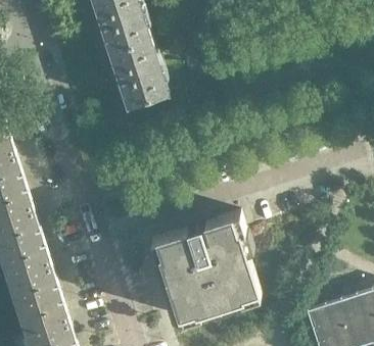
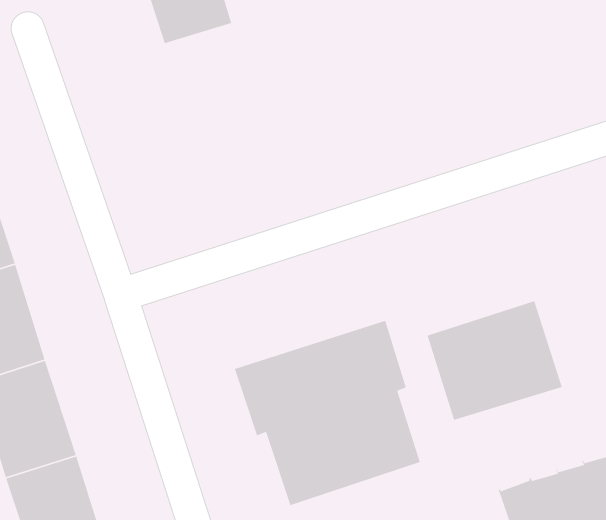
building: [108,41,167,109] -> none
building: none -> [427,300,563,421]

